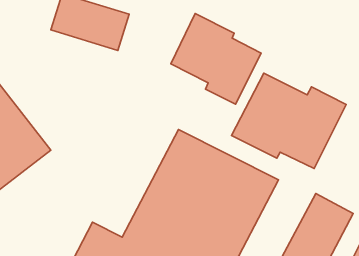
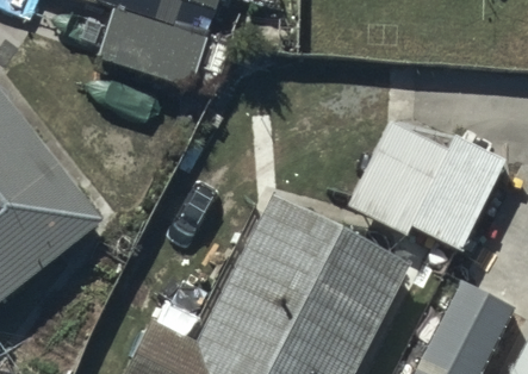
building: [171,14,261,104] -> none

